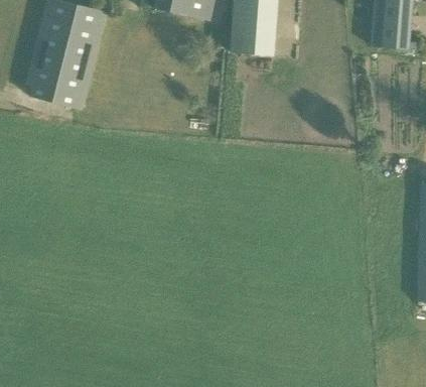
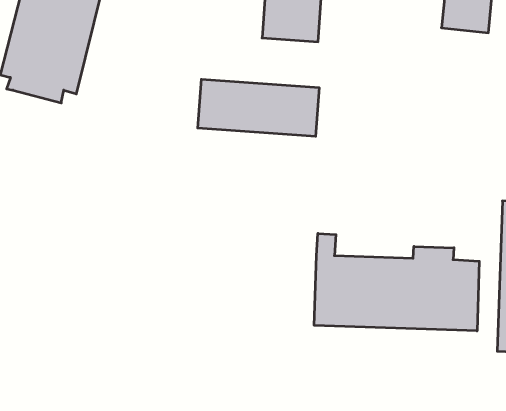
building: none -> [198,79,319,136]
building: none -> [314,233,479,331]

